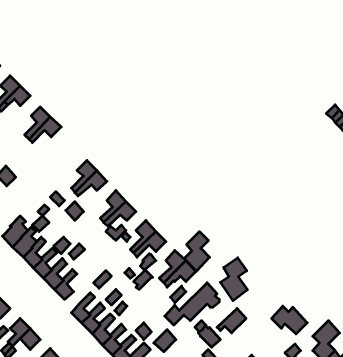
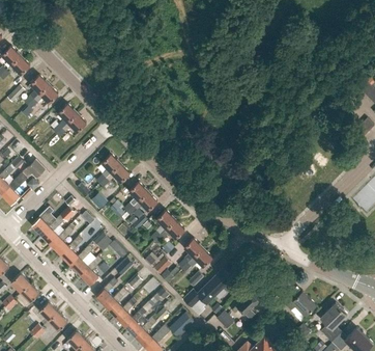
building: [184,232,210,271] -> none
building: [220,258,247,301] -> none

